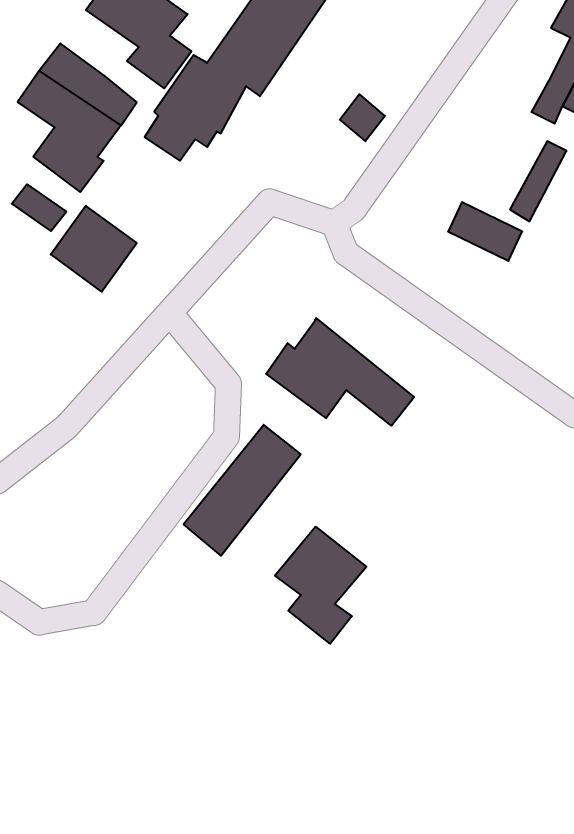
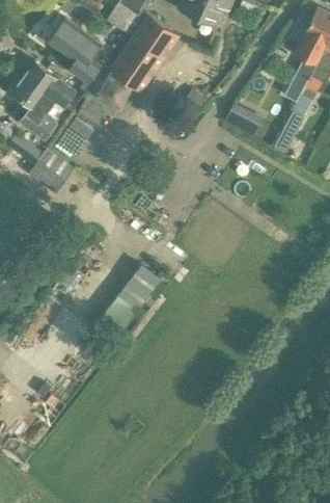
building: [448,202,522,261] -> [225,104,265,135]
building: [266,318,414,426] -> none
building: [275,527,366,644] -> none

